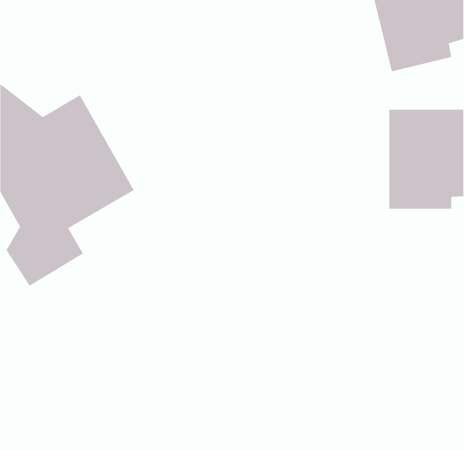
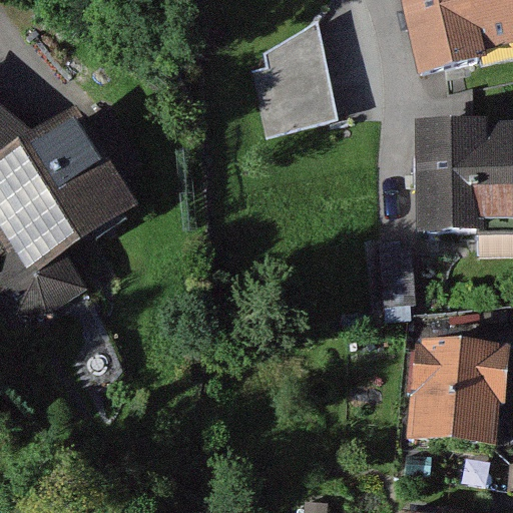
building: none -> [249,15,336,128]
building: none -> [385,355,487,452]

